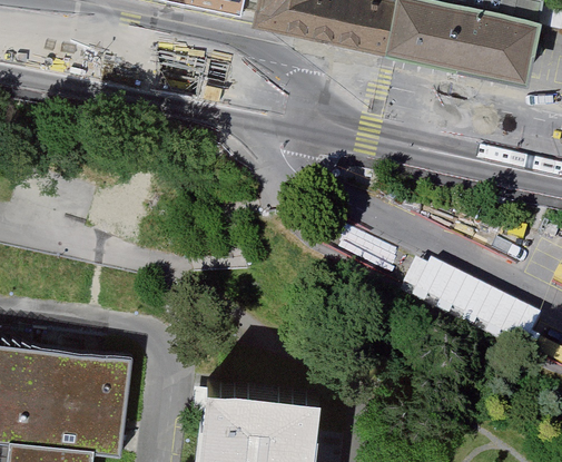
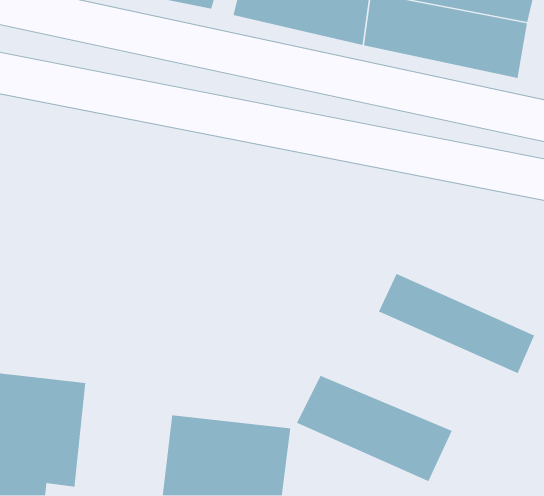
building: none -> [296,375,453,482]

